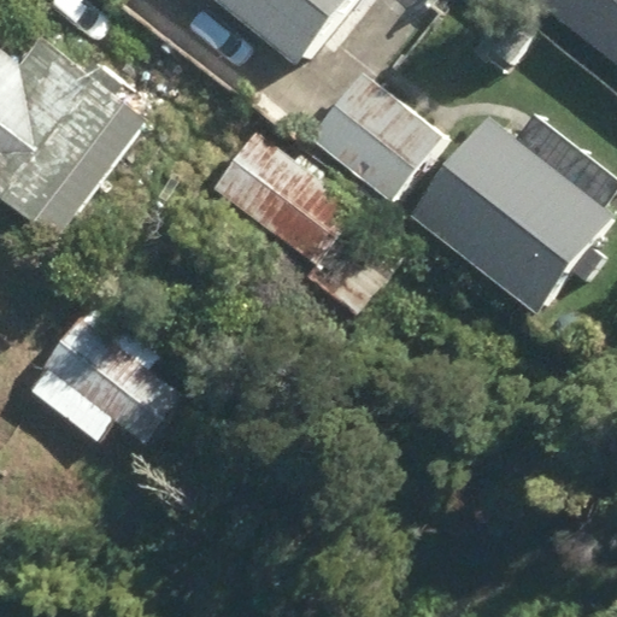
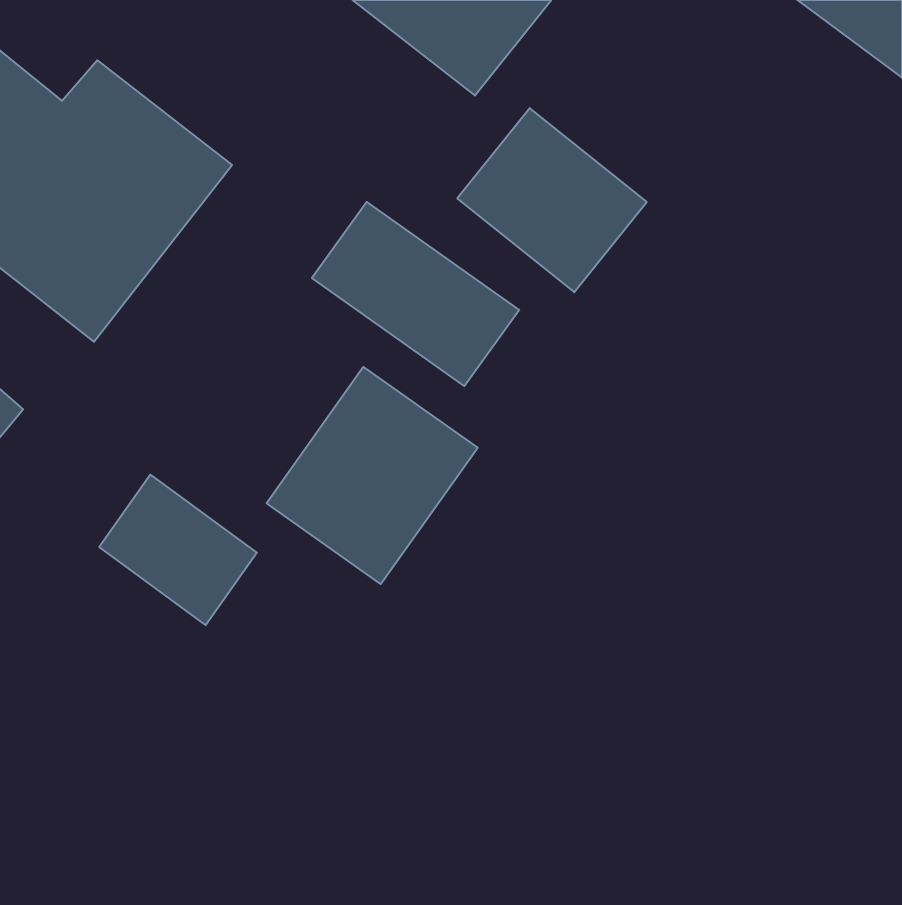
building: [406,116,607,311] -> none
building: none -> [267,367,478,584]

